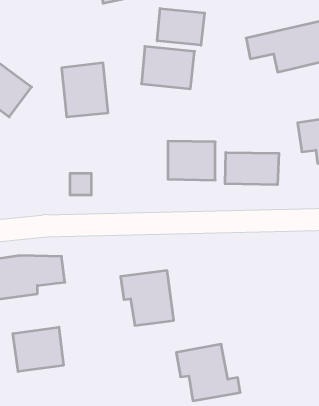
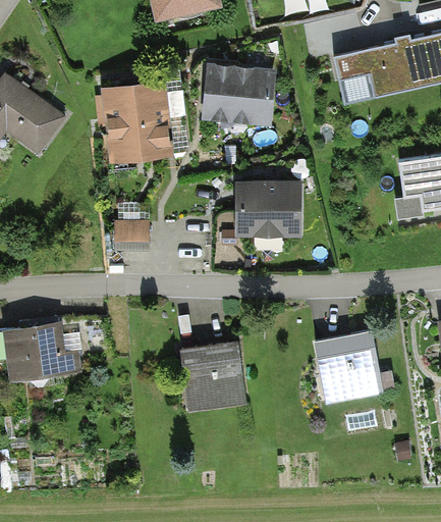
building: [157,8,205,45] -> none
building: [225,152,279,185] -> none
building: [13,327,63,372] -> none
building: [176,344,240,401] -> [314,331,392,401]

